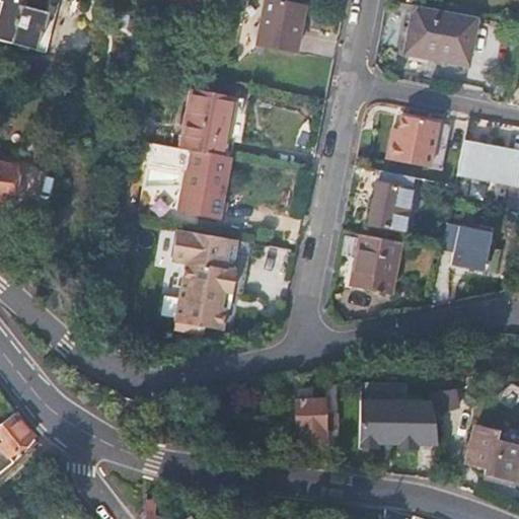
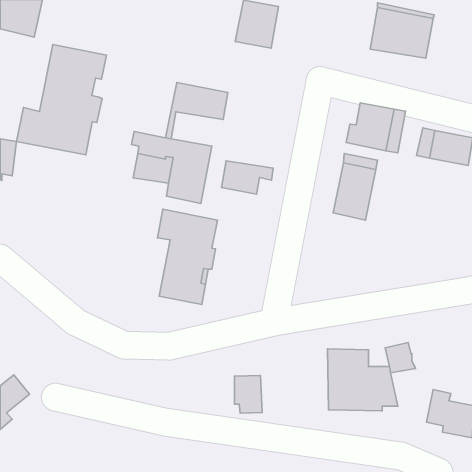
building: none -> [17,45,106,155]
building: [189,123,245,159] -> [221,161,273,194]
building: [441,221,492,275] -> none
building: [346,242,400,302] -> none
building: [295,402,325,444] -> [234,375,262,413]

